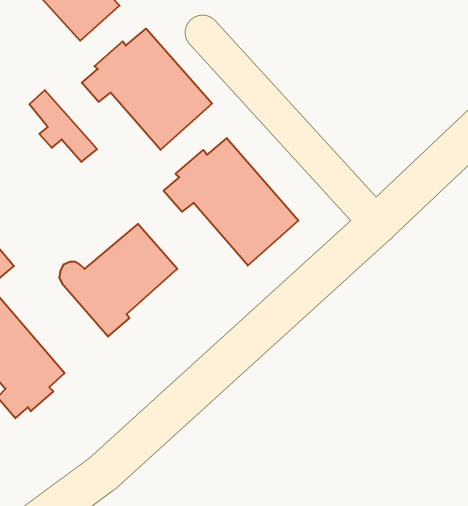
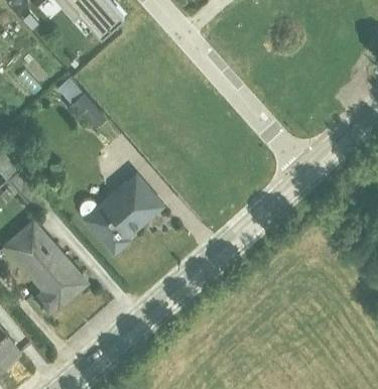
building: [82,29,212,150] -> none
building: [164,138,298,266] -> none

